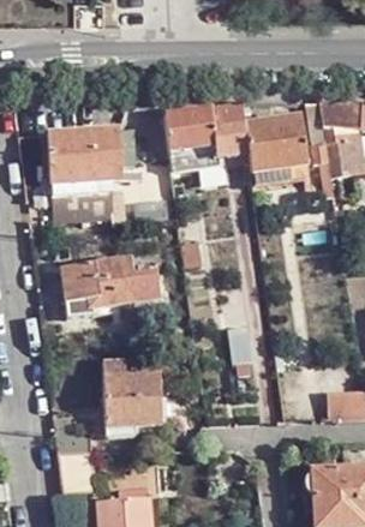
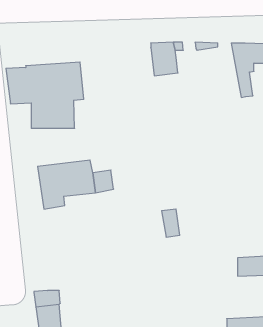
building: [166,109,217,164] -> none
building: [245,114,310,172] -> none
building: [106,357,160,427] -> none

